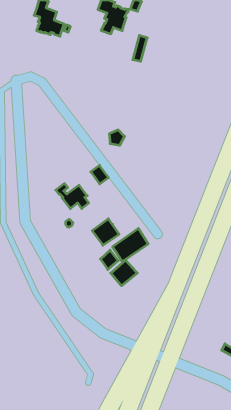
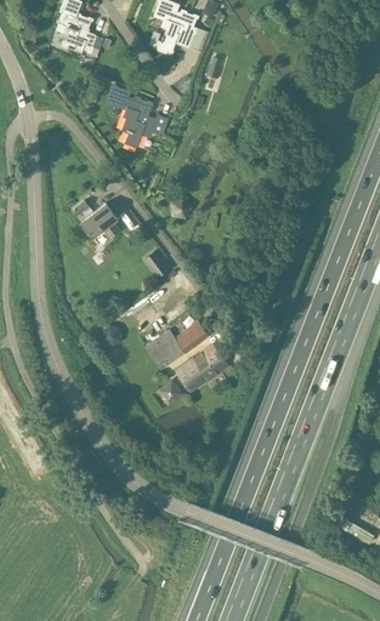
building: none -> [107,85,170,146]
building: [56,184,89,209] -> [72,200,121,238]
building: none -> [176,320,210,352]
building: [111,260,137,286] -> none

